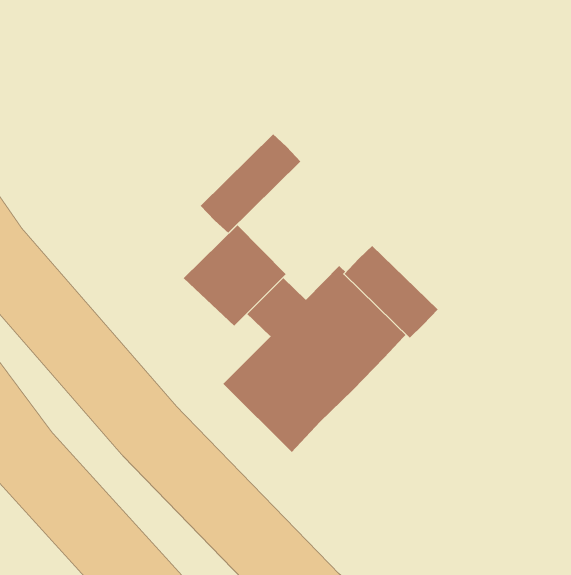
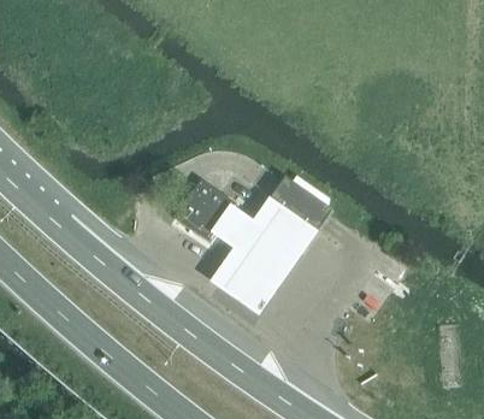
building: [200,134,301,234] -> none

